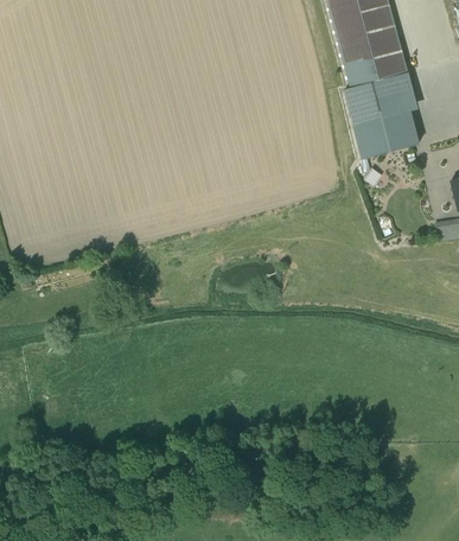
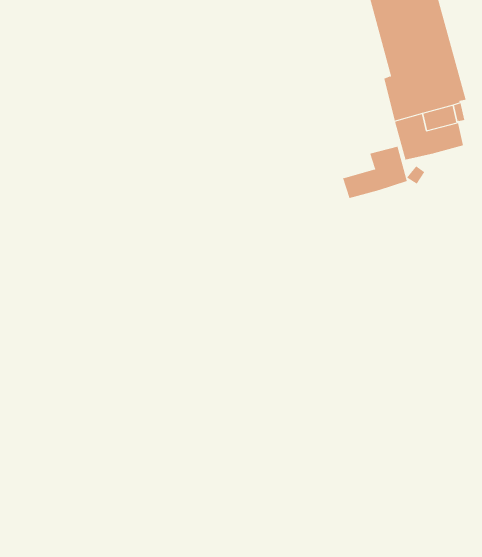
building: none -> [342,146,407,199]

